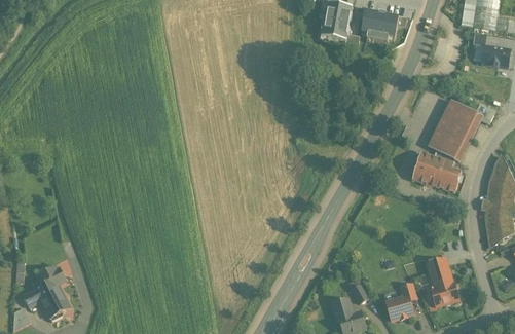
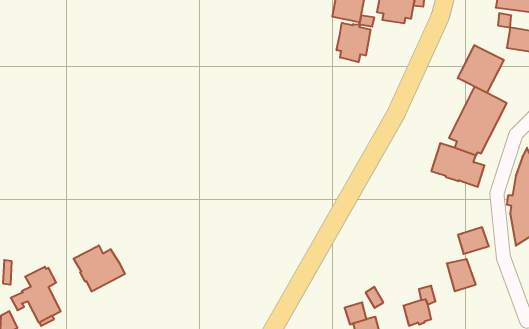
building: none -> [337,23,370,62]
building: none -> [458,45,504,93]
building: none -> [74,245,125,292]
building: [431,282,459,306] -> [458,227,489,254]

